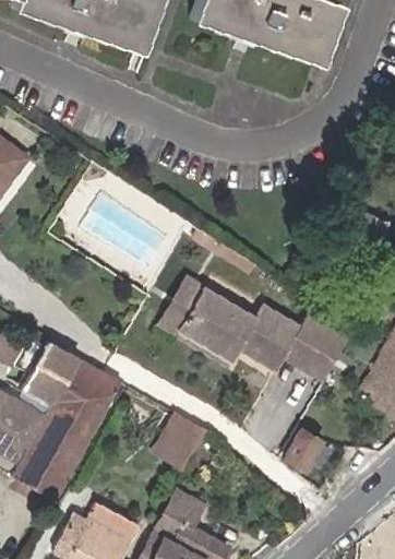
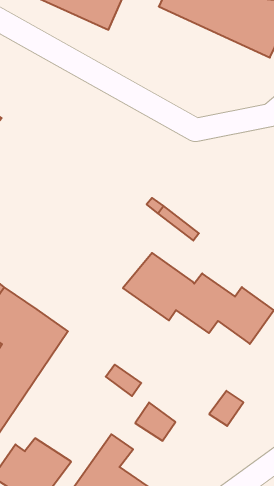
building: [159,277,231,366] -> none
building: [155,428,199,468] -> [135,402,175,441]

